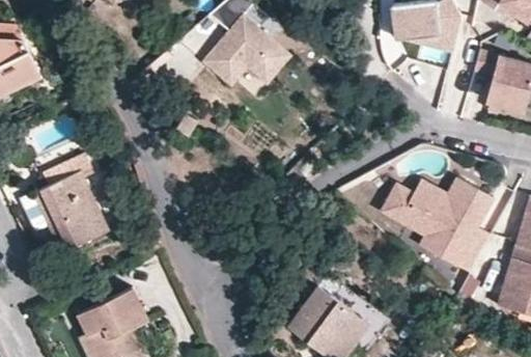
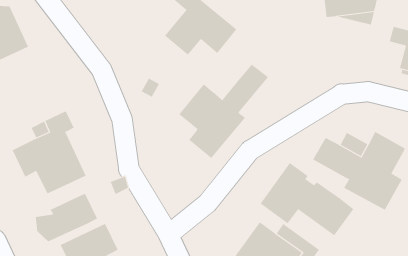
building: none -> [179,64,269,159]
building: none -> [260,162,354,236]
building: none -> [35,193,98,242]

